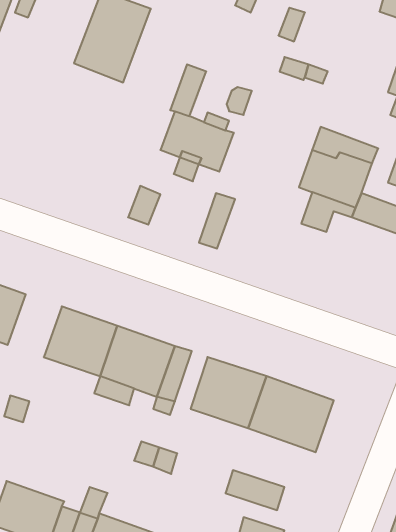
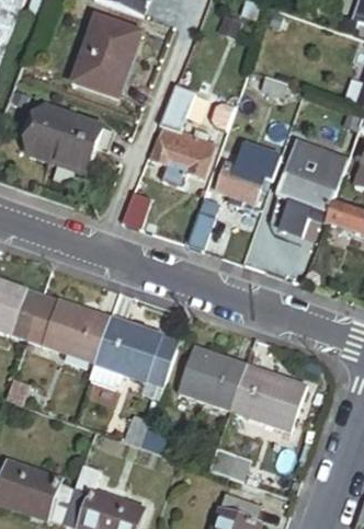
building: none -> [29,104,103,173]
building: none -> [217,140,278,202]
building: none -> [10,290,59,347]

